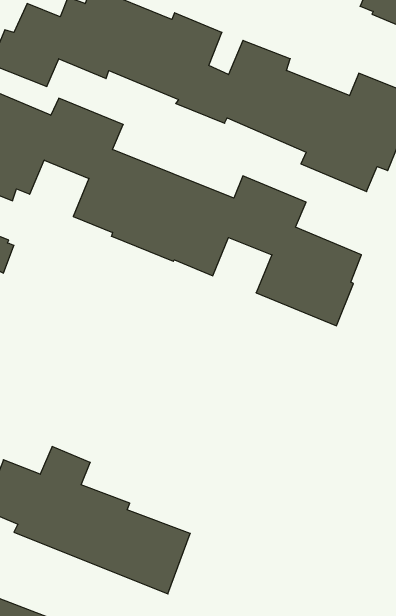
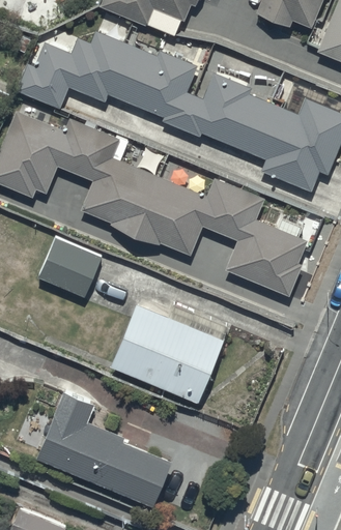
building: none -> [37,238,102,299]
building: none -> [110,303,224,402]

